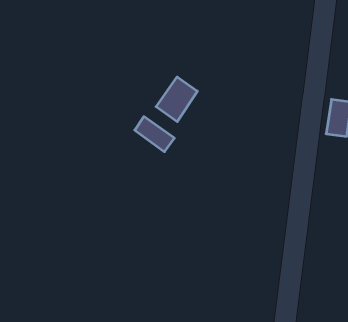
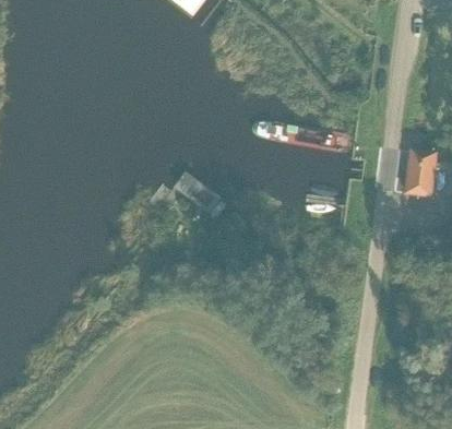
building: [156,77,197,122] -> none

